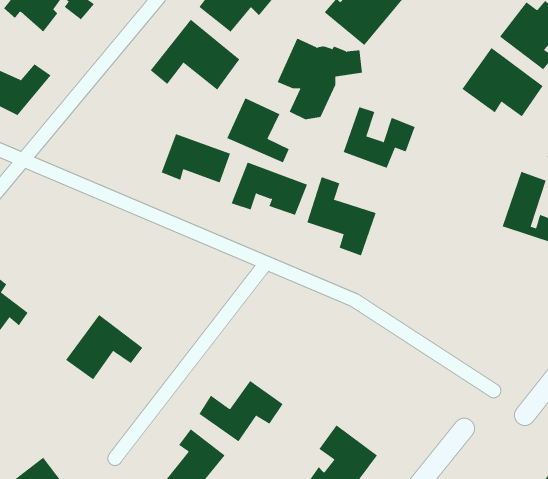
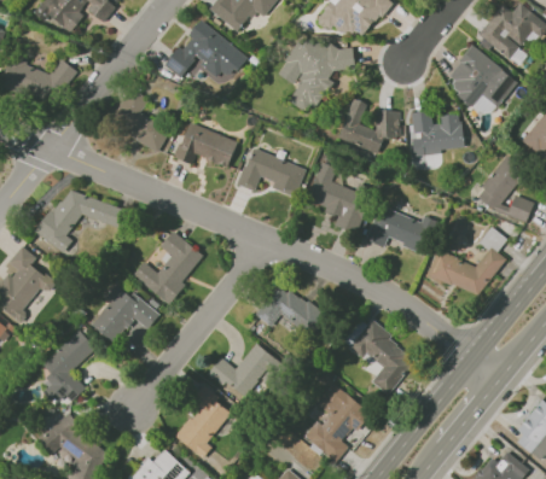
building: none -> [110,87,170,150]
building: [227,98,289,163] -> none
building: none -> [408,110,463,154]
building: none -> [35,189,128,252]
building: none -> [366,205,436,253]
building: none -> [428,227,506,296]
building: none -> [130,230,204,304]
building: none -> [255,282,325,335]
building: none -> [349,322,416,395]
building: none -> [39,329,95,402]

